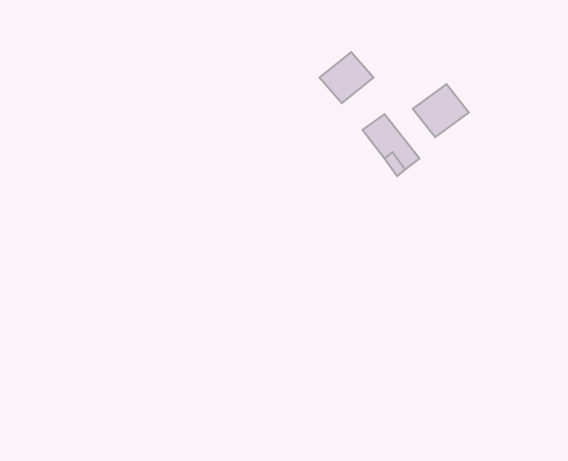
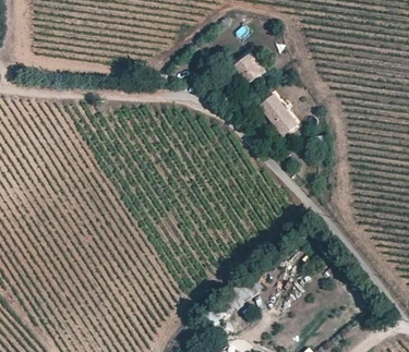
building: [413,84,469,137] -> none

